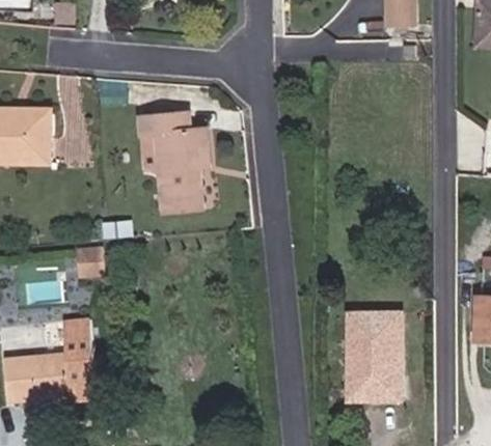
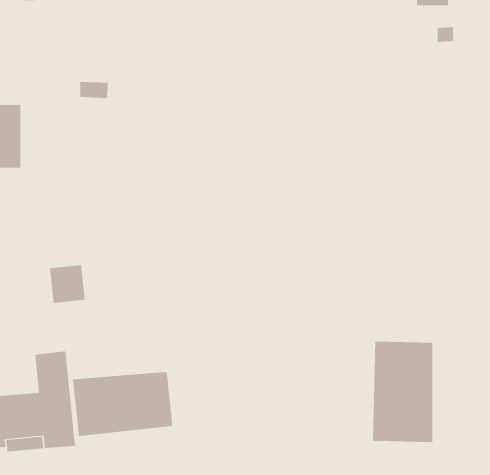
building: [139,113,208,213] -> none
building: none -> [72,371,173,437]

